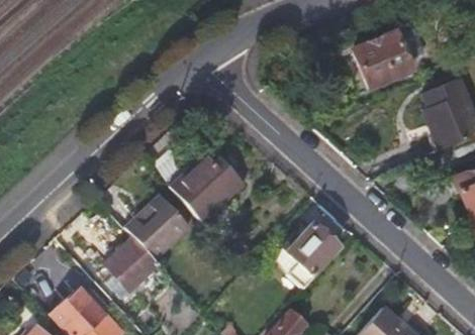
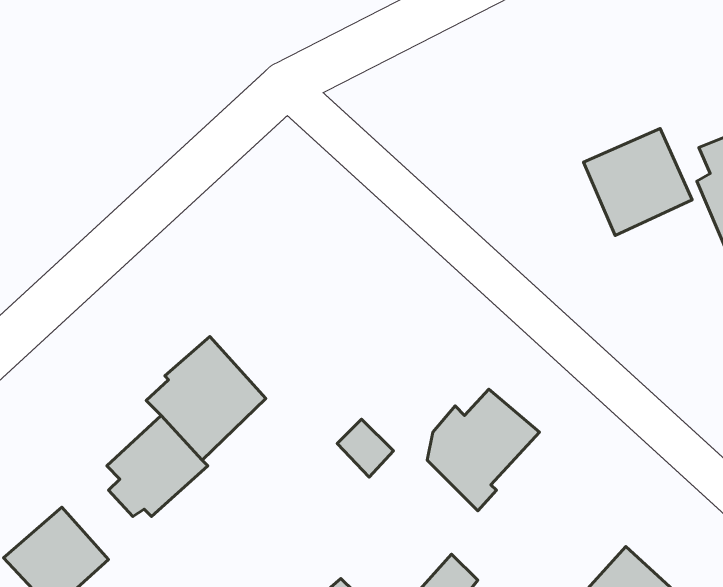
building: [354,30,412,88] -> [583,129,692,235]
building: [170,146,245,222] -> none

